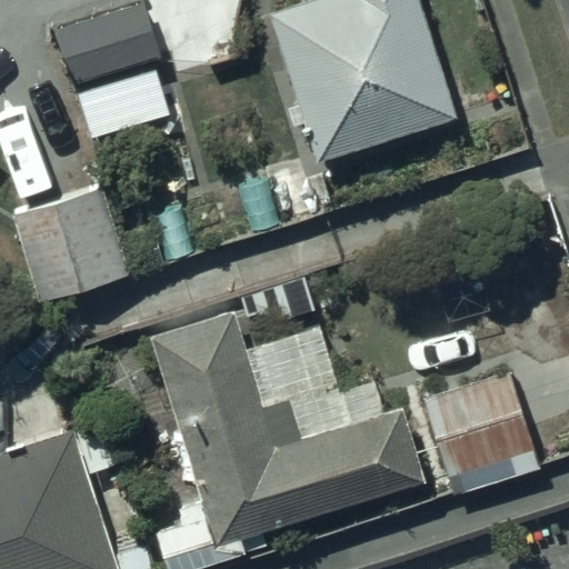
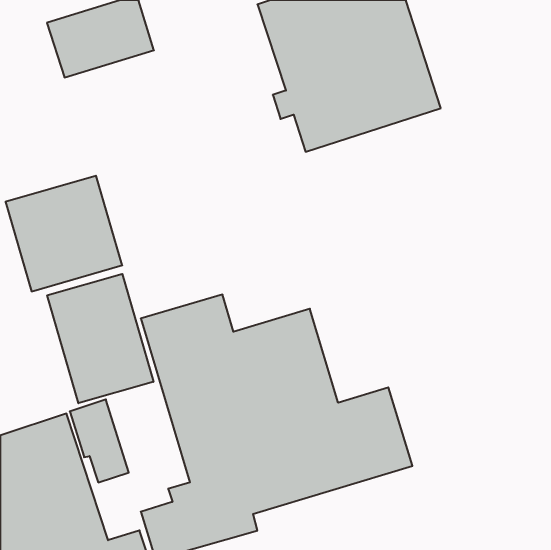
building: none -> [47,274,153,403]
building: [420,368,541,497] -> none

